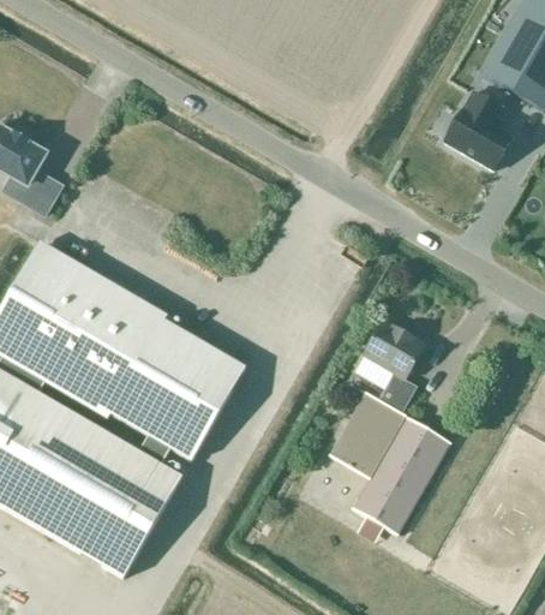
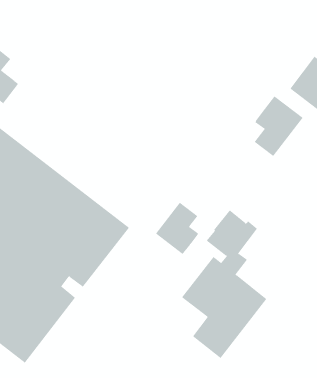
building: none -> [254,95,303,157]
building: none -> [155,202,199,255]

